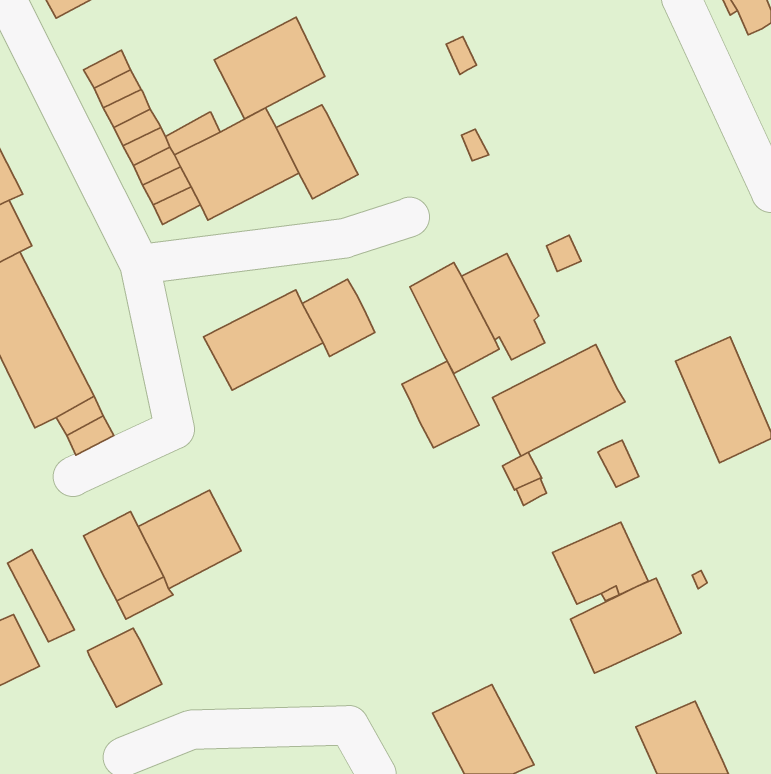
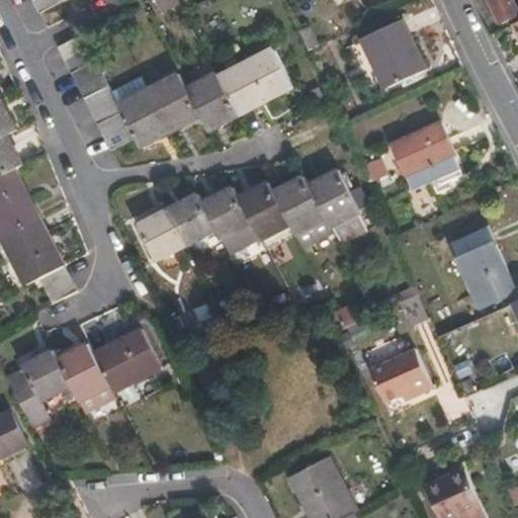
building: [214,17,325,119] -> [218,47,291,114]
building: none -> [360,18,425,88]
building: none -> [392,122,458,189]
building: [492,345,625,456] -> none
building: [402,361,479,448] -> [238,181,289,239]
building: [571,578,681,673] -> none
building: [88,628,162,707] -> [20,348,70,401]

